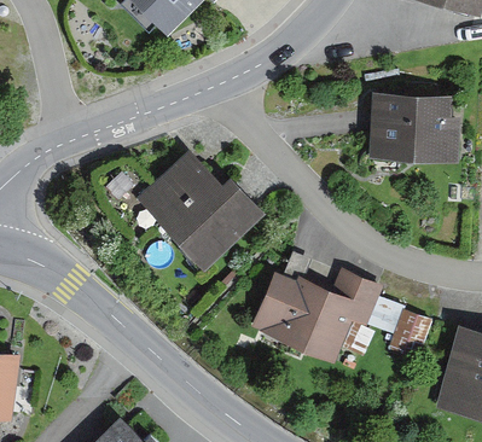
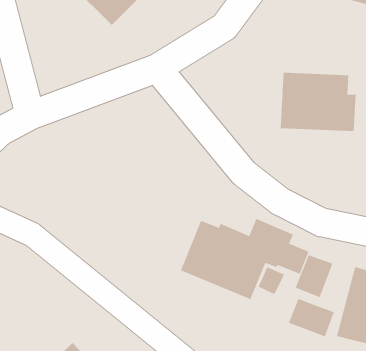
building: [134,150,265,273] -> none
building: none -> [288,298,334,337]

